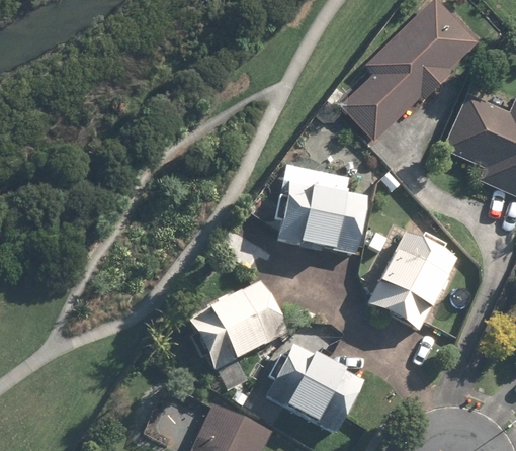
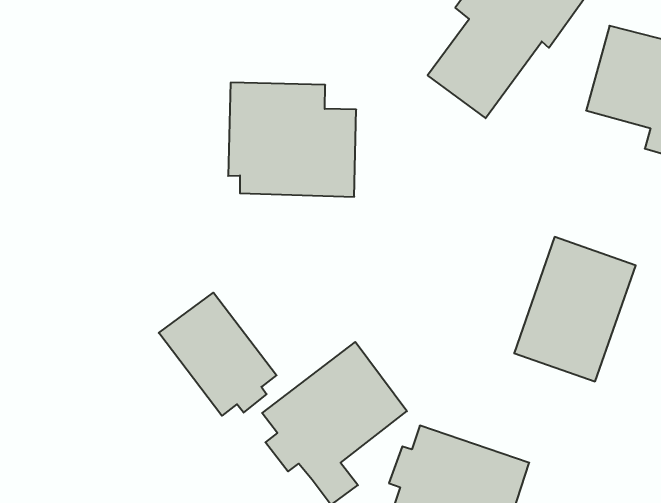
building: [274,164,368,255] -> [228,83,356,197]
building: none -> [159,293,277,416]

